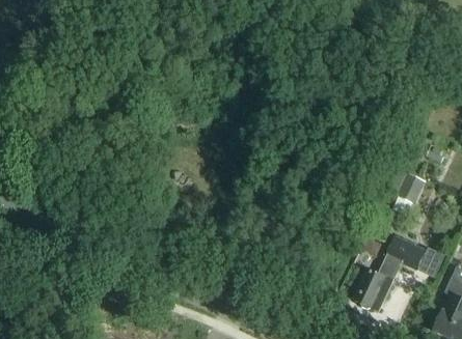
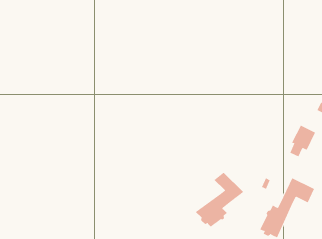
building: none -> [195,172,244,228]

